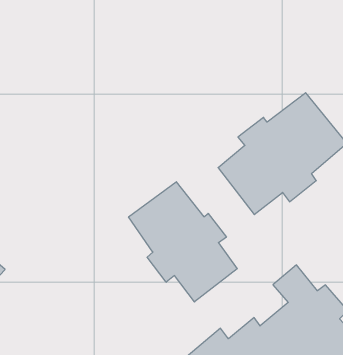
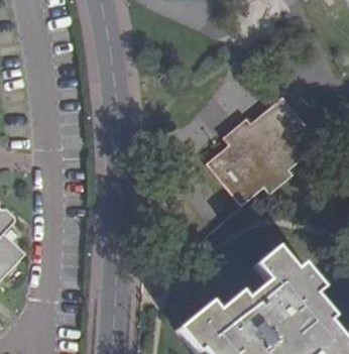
building: [129,182,237,302] -> none

